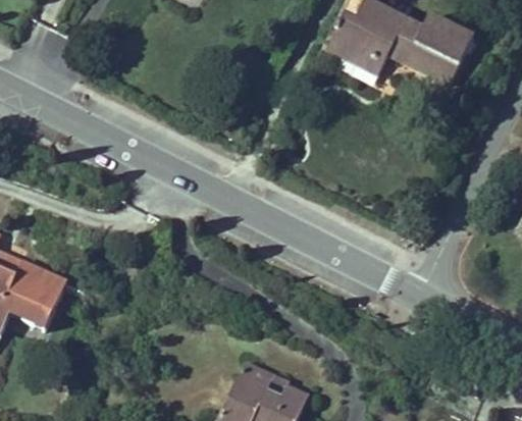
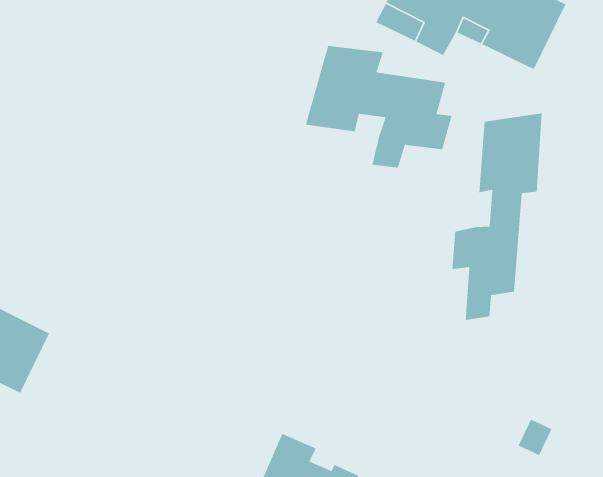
building: none -> [305,45,452,169]
building: none -> [452,113,543,321]

